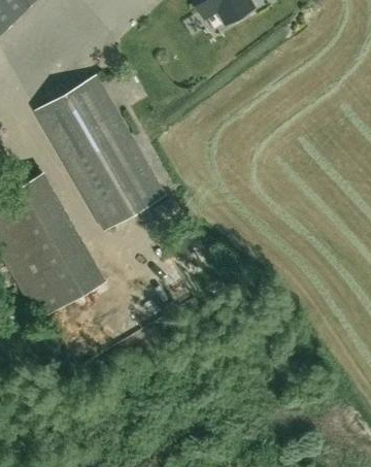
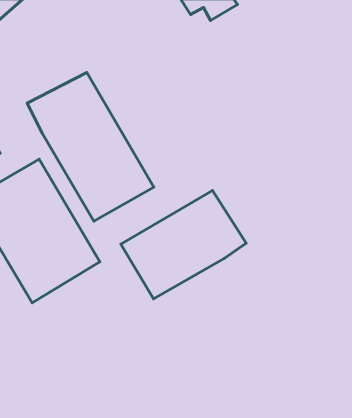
building: none -> [121,191,246,299]

